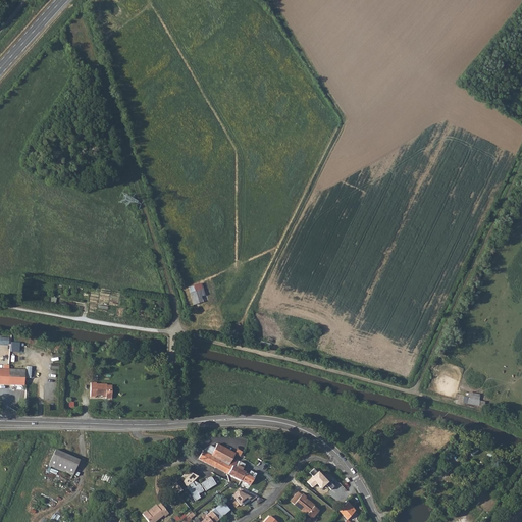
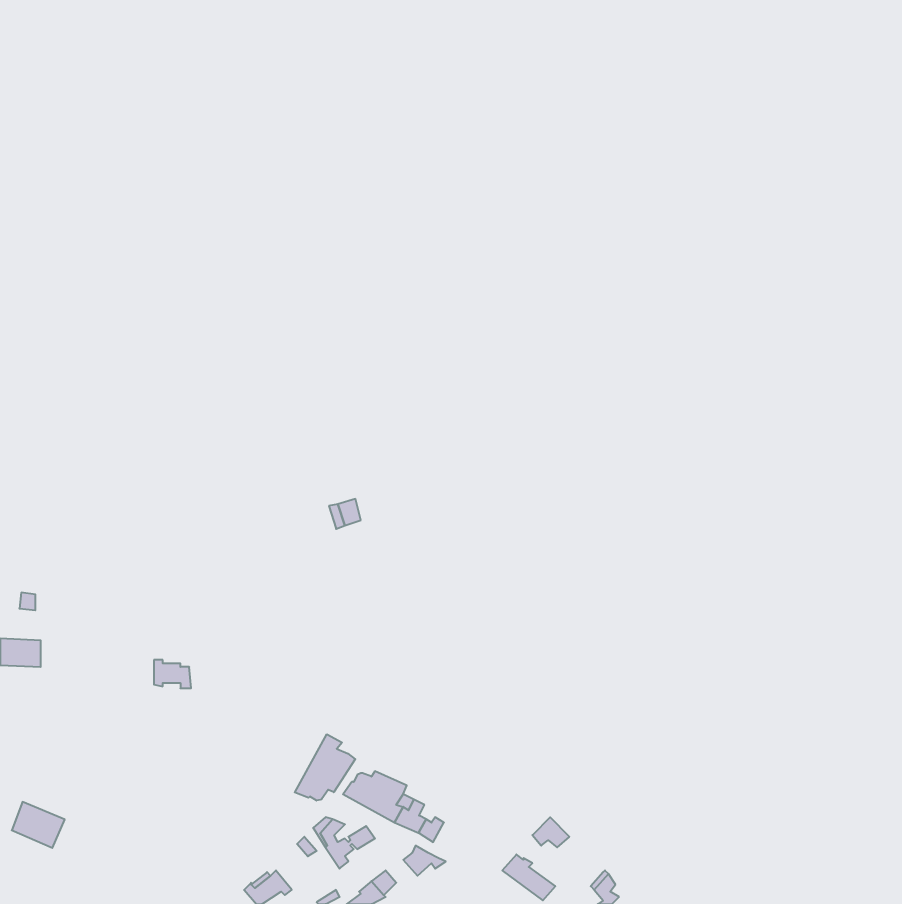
building: none -> [295,734,355,801]
building: [50,450,81,476] -> [12,802,65,848]

